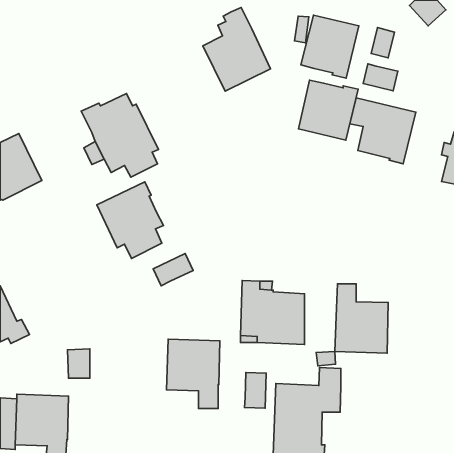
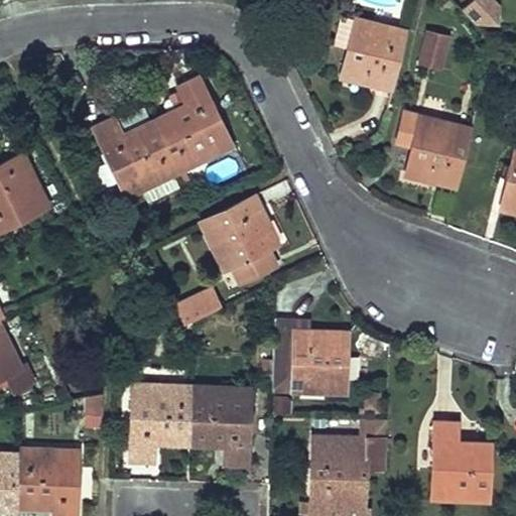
building: [203,7,270,91] -> [155,77,232,171]
building: [363,64,398,91] -> none
building: [298,80,358,140] -> none
building: [97,182,164,258] -> [202,196,277,282]
building: [335,284,388,353] -> [432,422,493,501]
building: none -> [130,384,191,462]
building: [244,372,266,408] -> none

